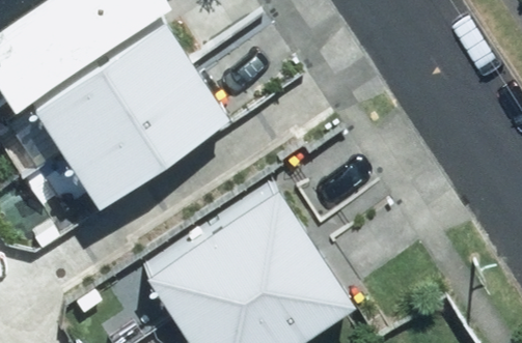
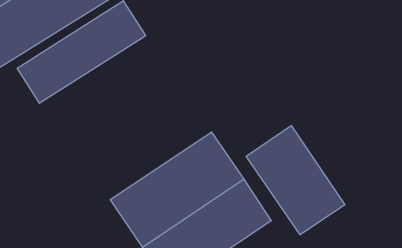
building: [54,59,219,192] -> none
building: none -> [246,126,345,235]

